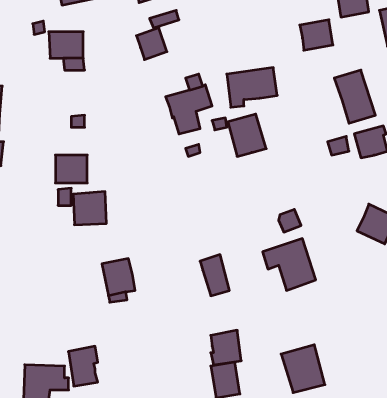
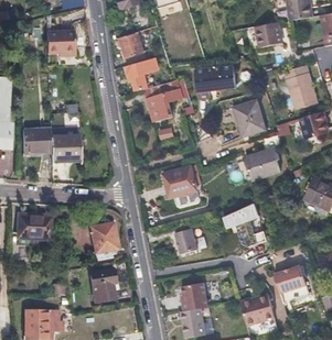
building: none -> [126,55,160,88]
building: [228,114,266,156] -> [235,100,267,135]
building: none -> [246,149,282,179]
building: none -> [163,163,197,196]
building: [73,192,106,225] -> [24,127,52,154]
building: none -> [19,213,52,245]
building: none -> [274,265,308,292]
building: [68,346,98,386] -> [93,266,117,299]

